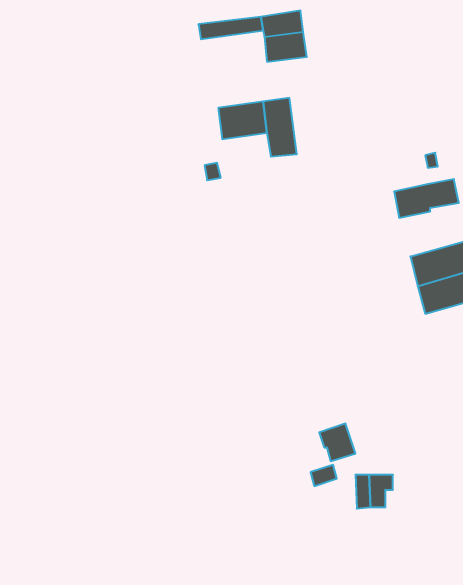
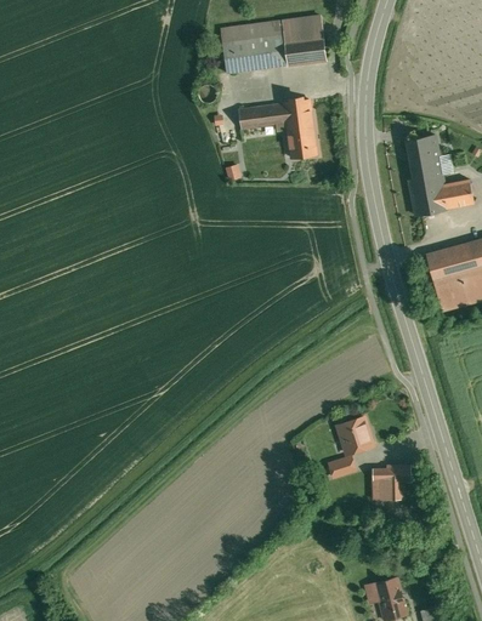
building: none -> [222,34,287,73]
building: none -> [406,135,443,190]

